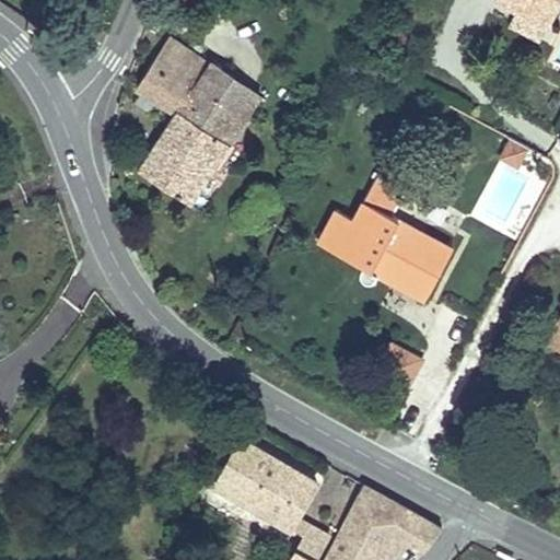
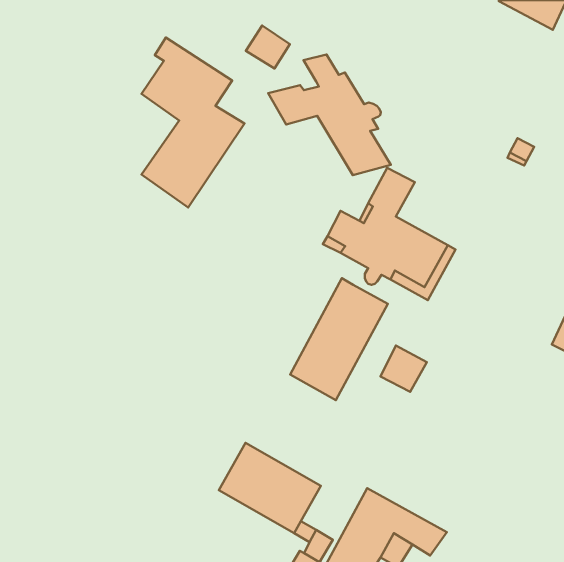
building: none -> [268,55,391,175]
building: [214,82,258,125] -> [246,25,290,69]
building: none -> [290,278,388,400]

